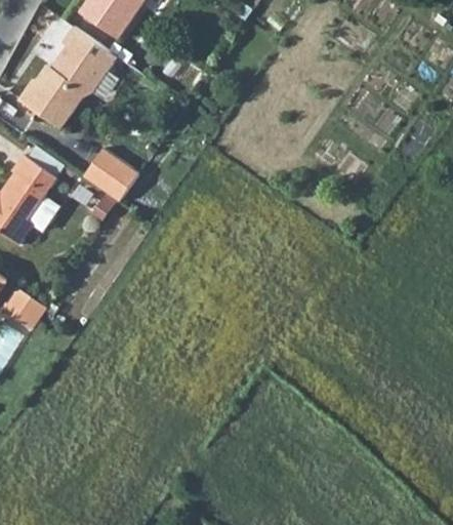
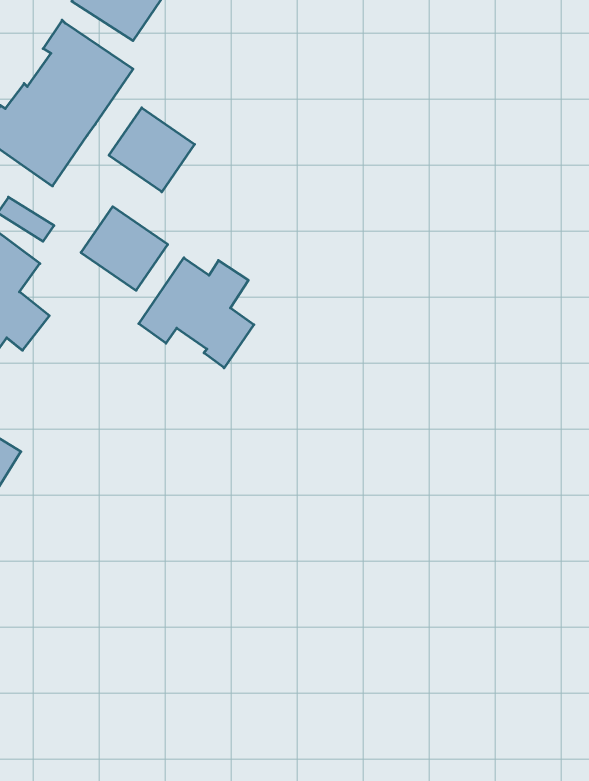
building: none -> [109,108,195,192]
building: none -> [139,258,254,368]

